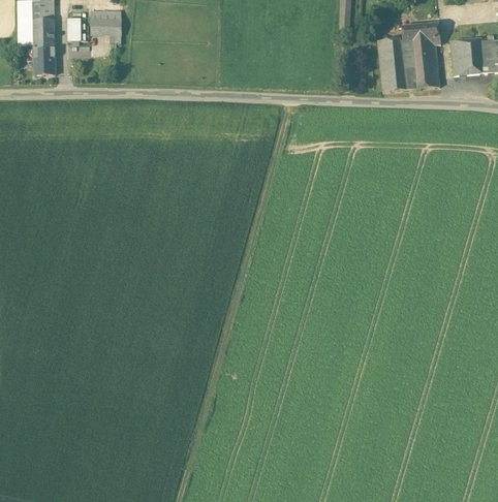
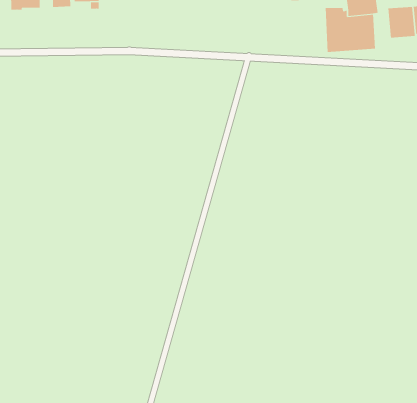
building: [33,41,55,77] -> none

